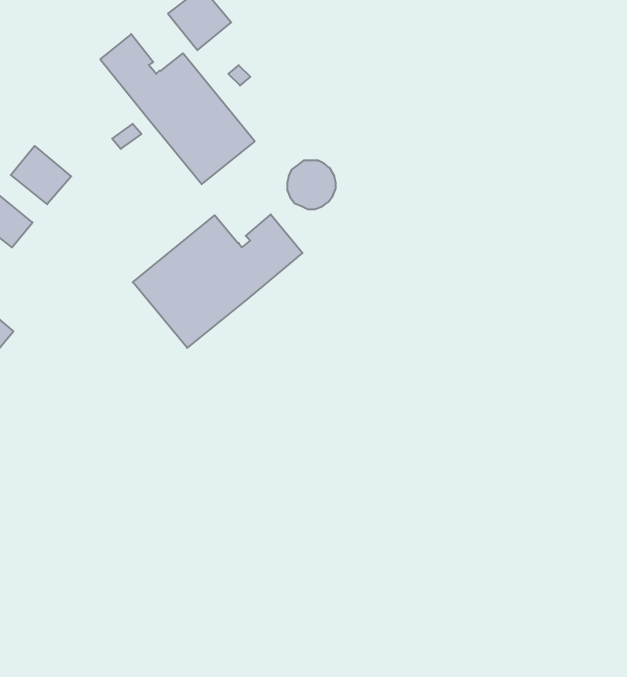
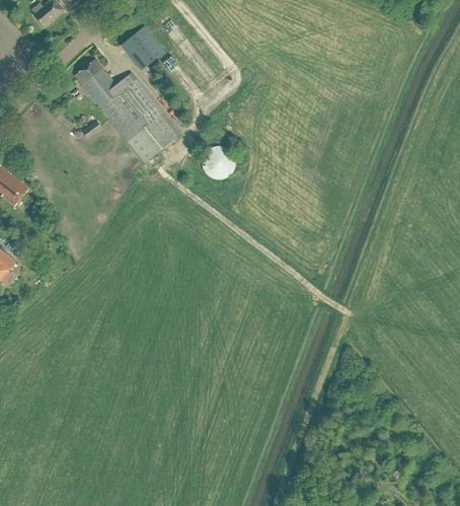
building: [11,146,71,204] -> none
building: [133,214,303,348] -> none

